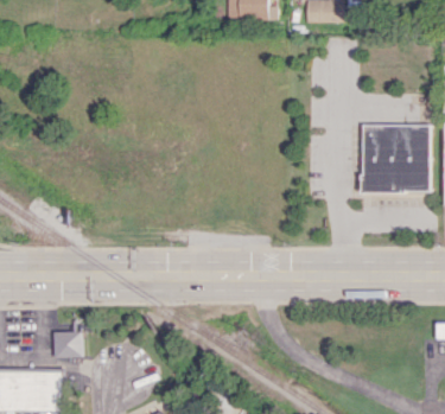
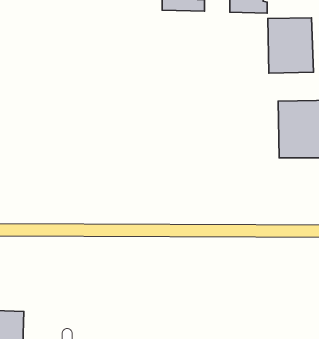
building: none -> [268,18,313,73]
building: [53,330,85,356] -> none

